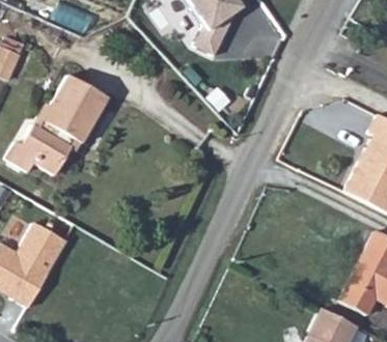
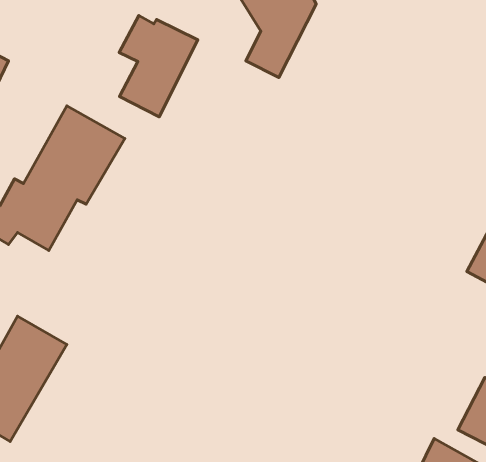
building: none -> [119,16,198,117]

